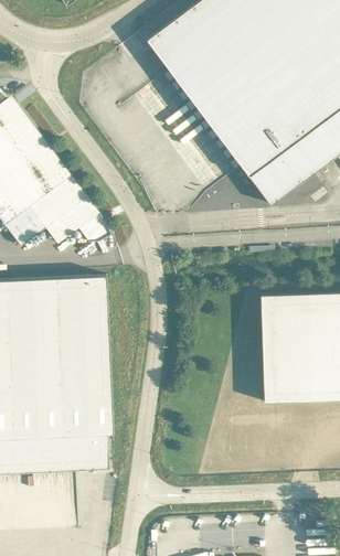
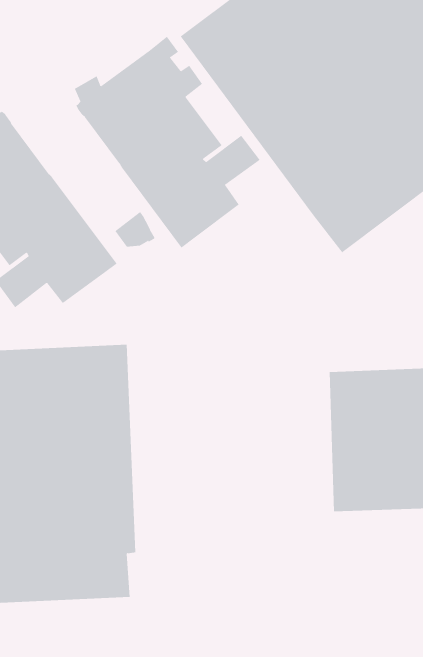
building: none -> [74,36,260,249]
building: [79,214,110,242] -> [115,211,155,247]

